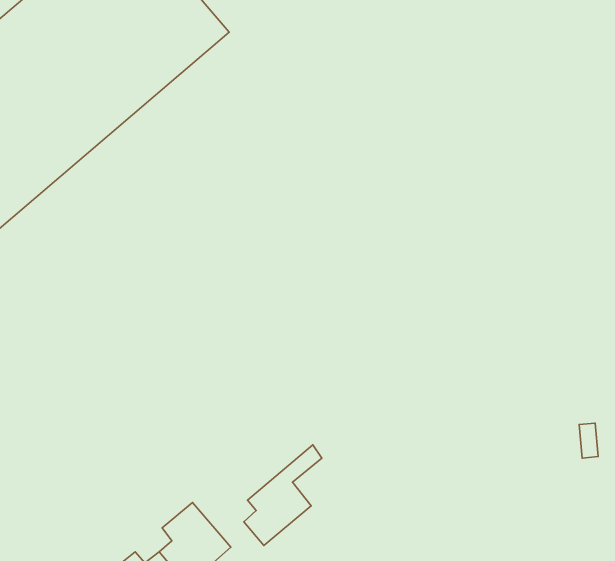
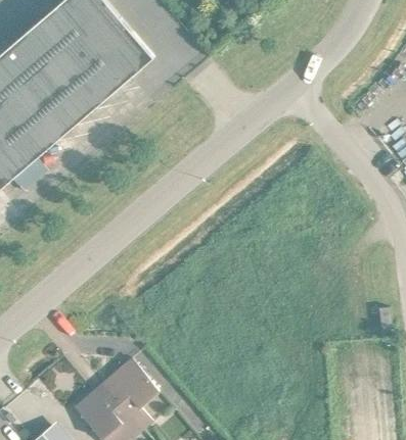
building: [244,445,322,546] -> none

